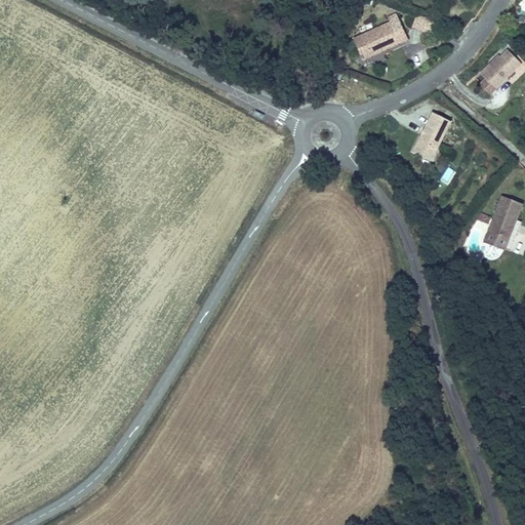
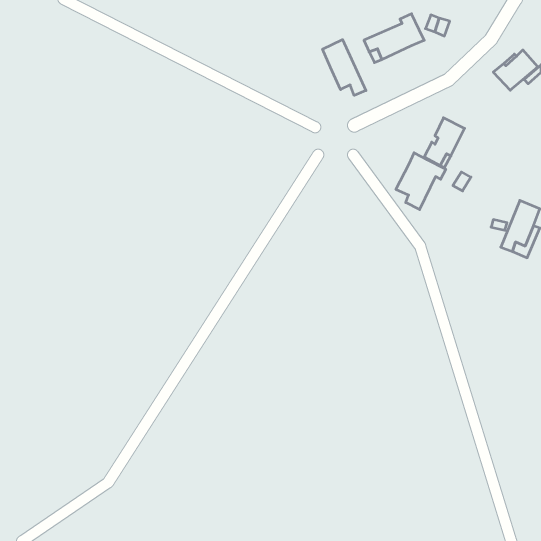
building: none -> [323,40,366,95]
building: none -> [396,153,446,210]

